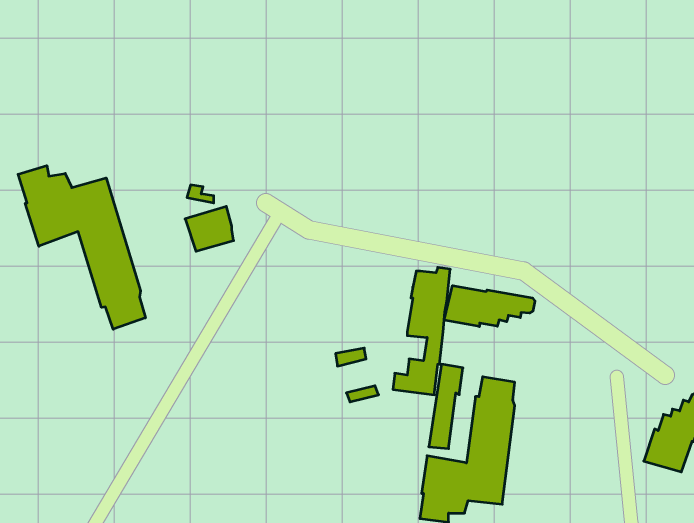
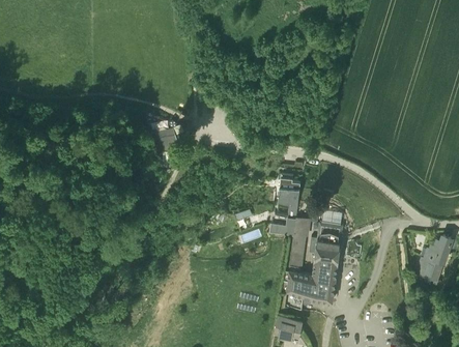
building: [18,166,145,329] -> none
building: [444,286,535,327] -> none

